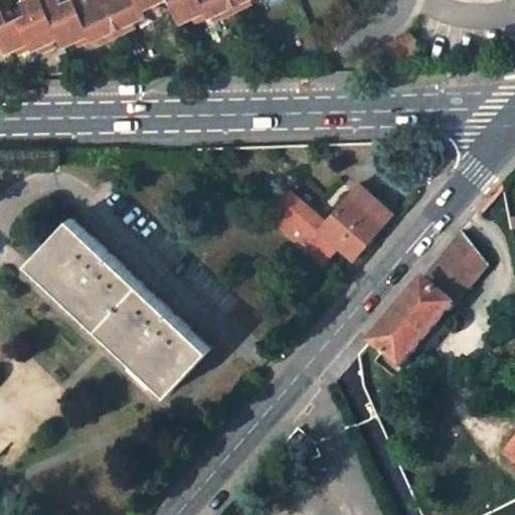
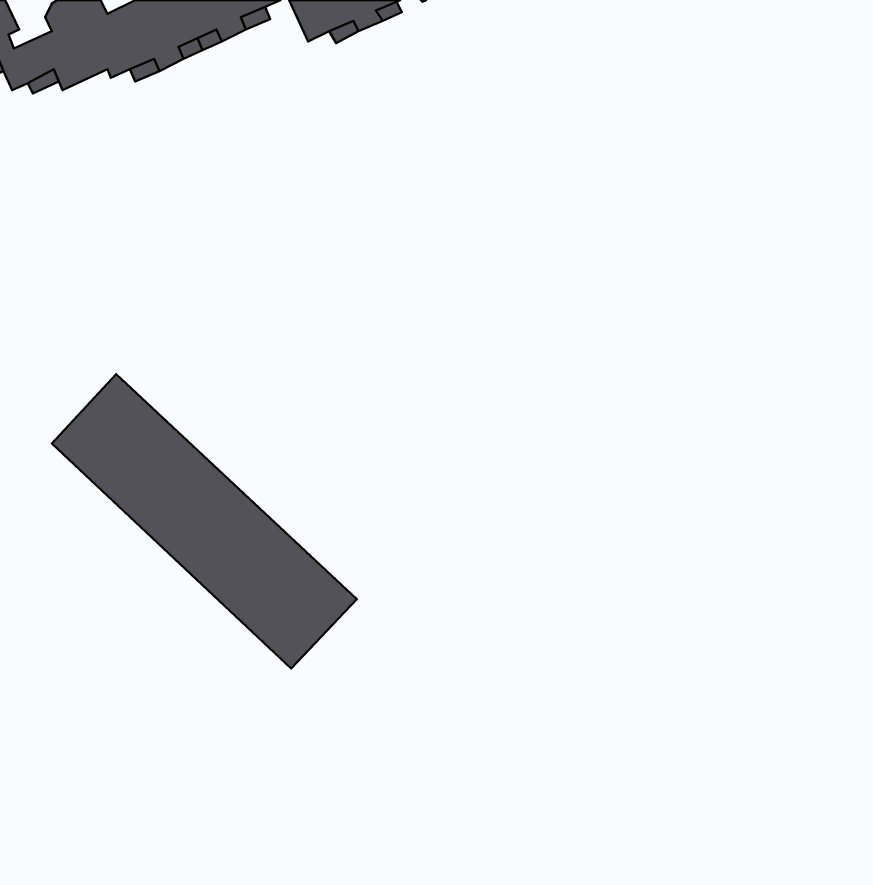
building: [261,185,386,265] -> none
building: [365,236,481,368] -> none

